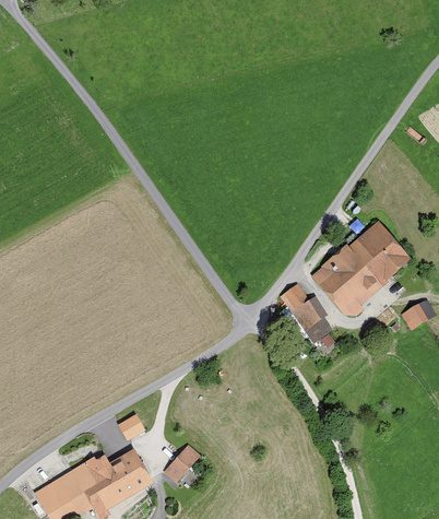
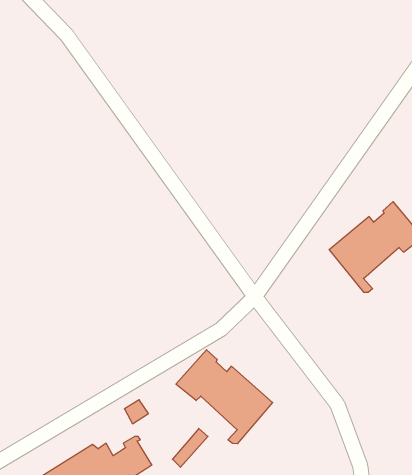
building: [285,284,330,342] -> none
building: none -> [176,350,273,444]

